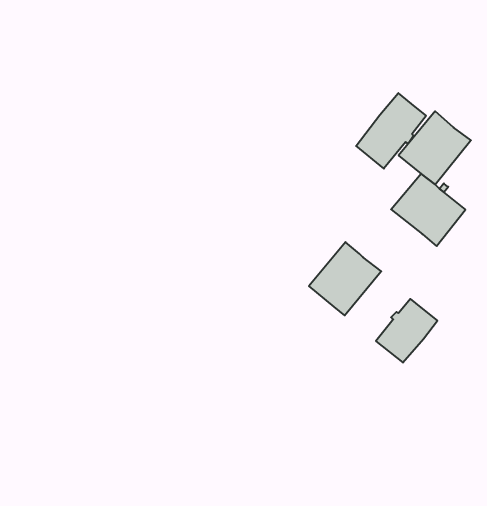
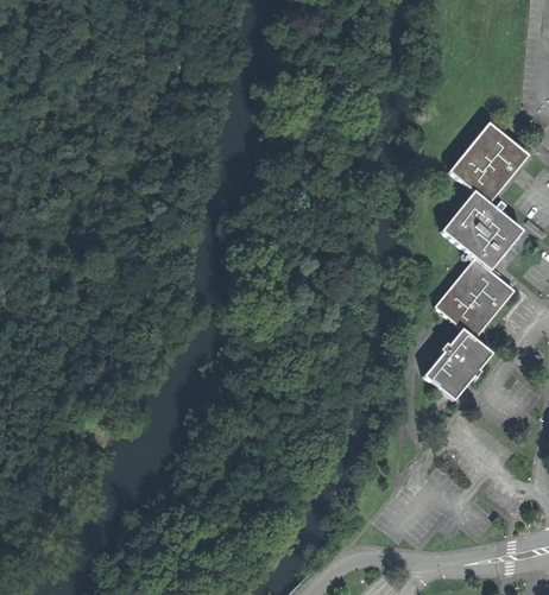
building: [356,93,426,169] -> none
building: [309,242,381,315] -> [435,258,515,338]

